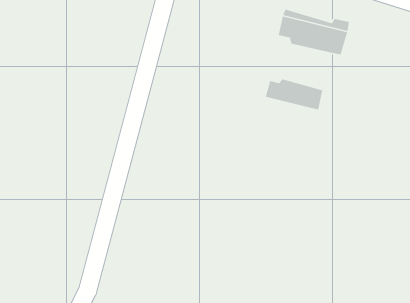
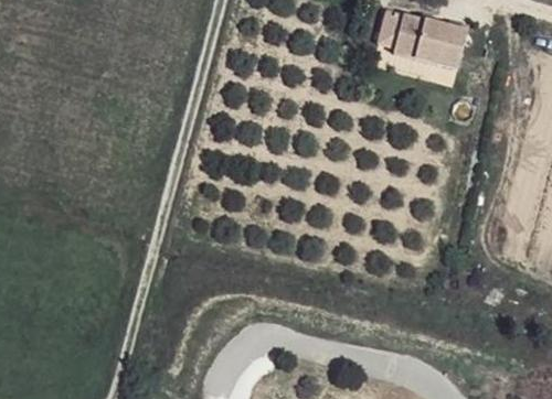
building: [265,79,323,110] -> none

